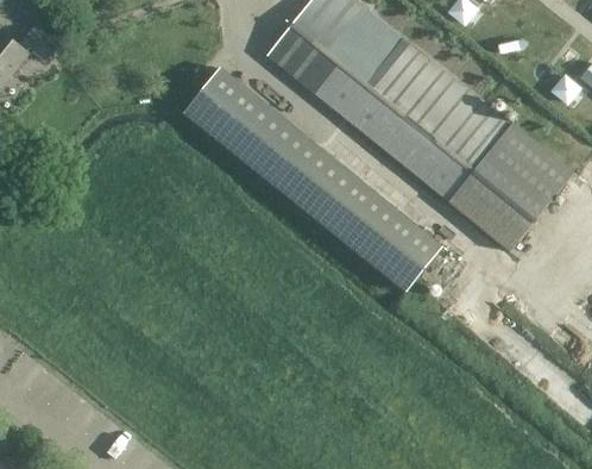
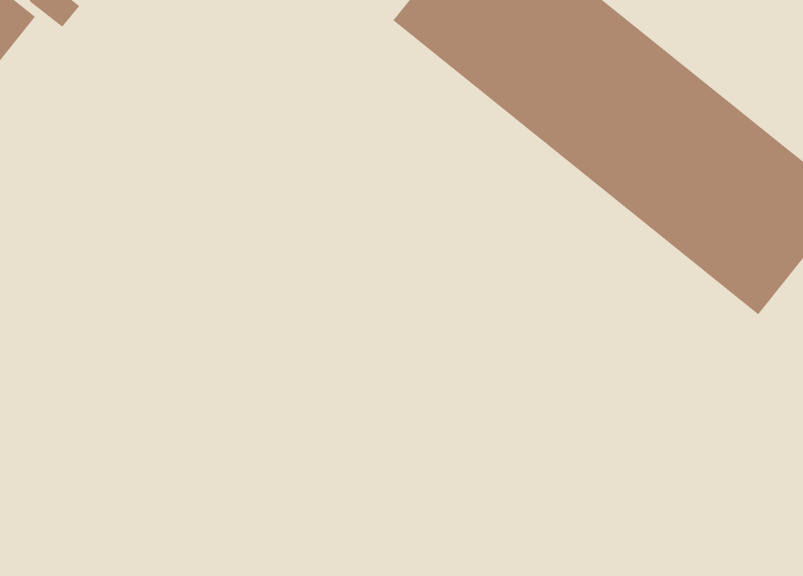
building: [183,65,441,289] -> none

